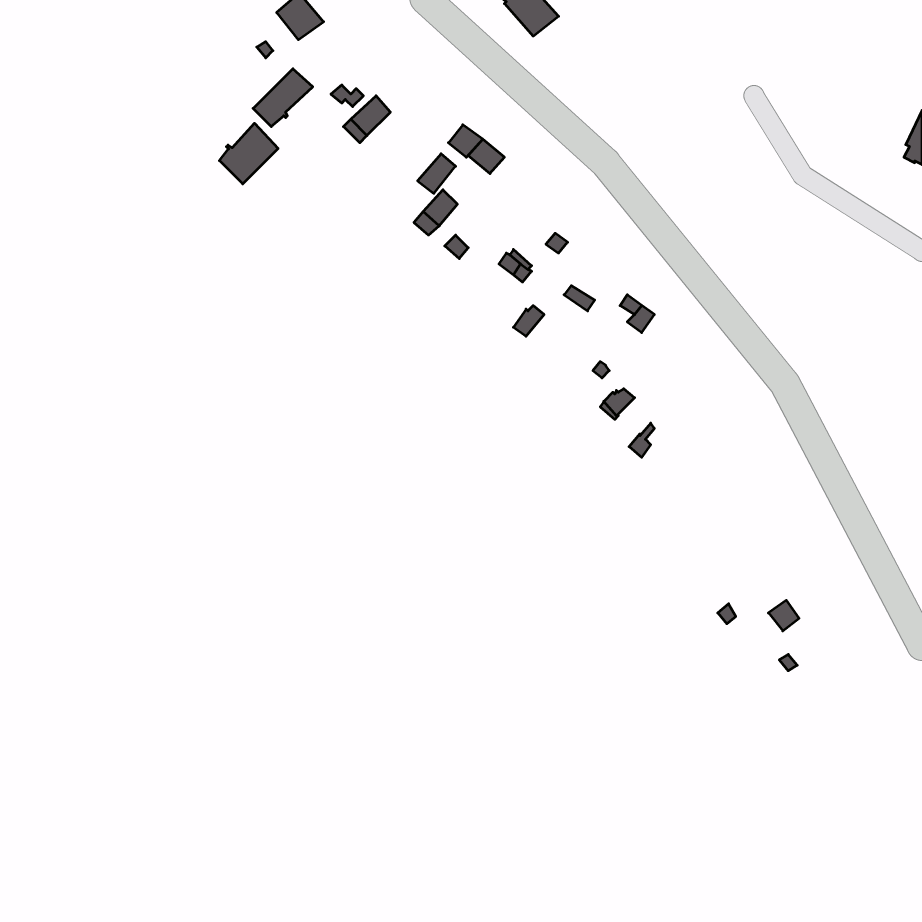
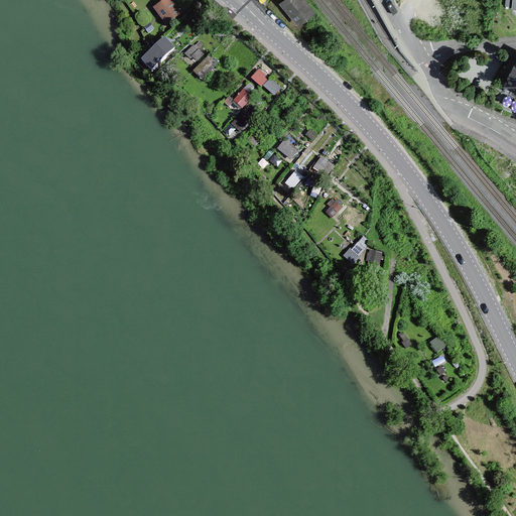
building: [219,123,278,184] -> none

